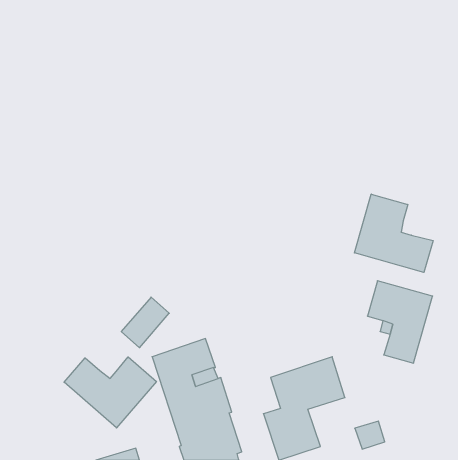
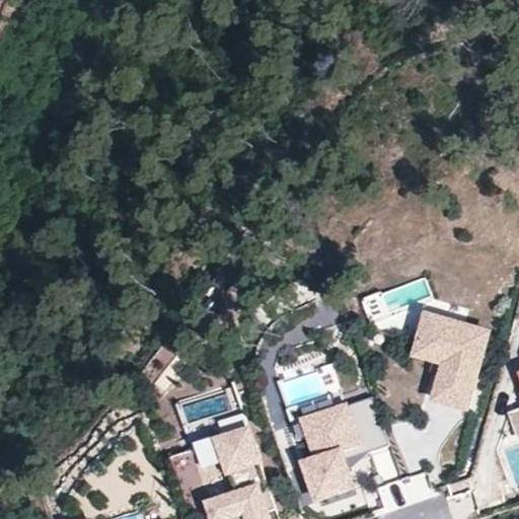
building: [354,194,433,272] -> none
building: [64,357,156,428] -> none

